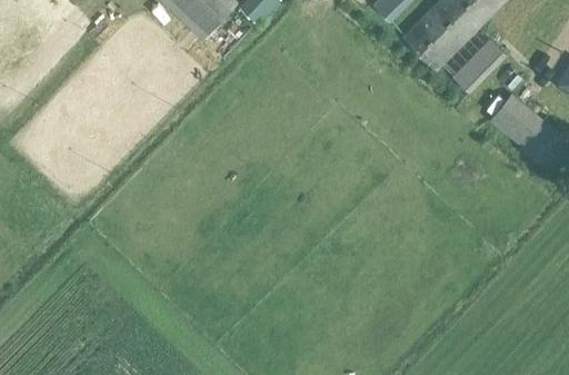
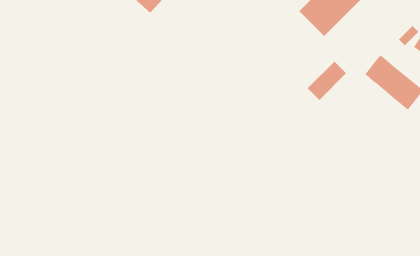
building: [452,39,506,92] -> [307,61,347,101]

